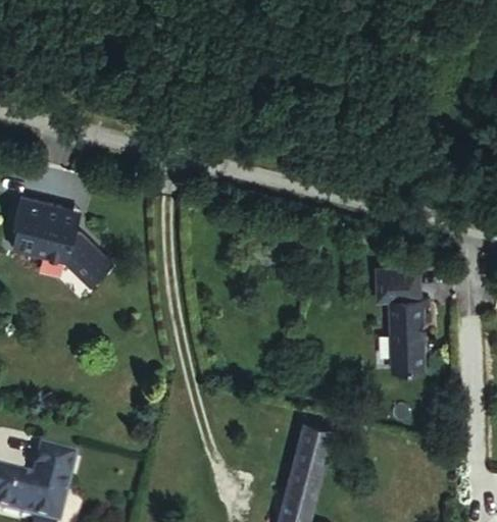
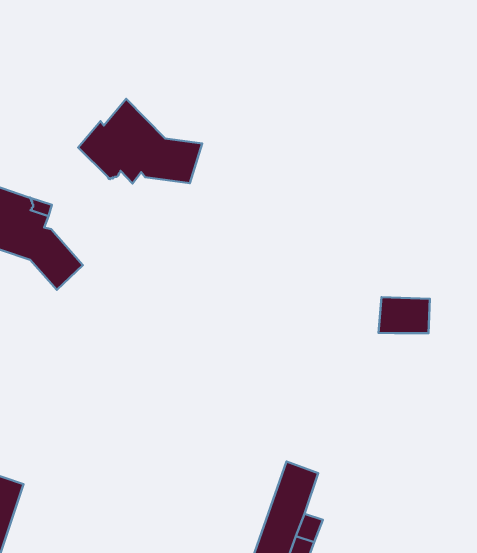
building: none -> [78,99,202,183]
building: [391,299,430,374] -> none

